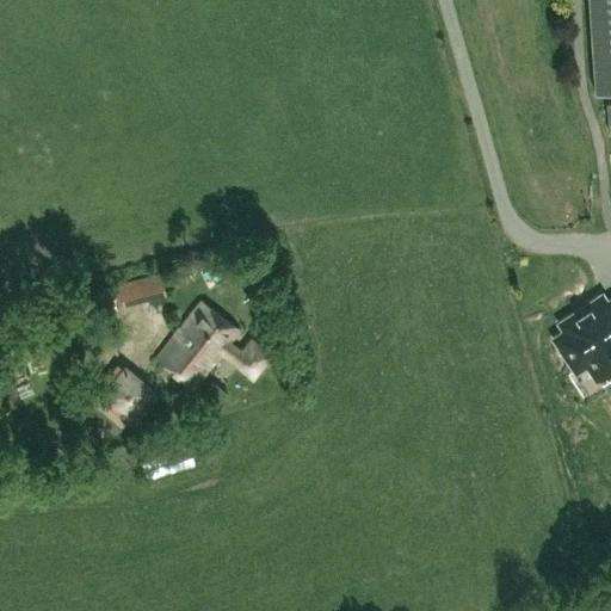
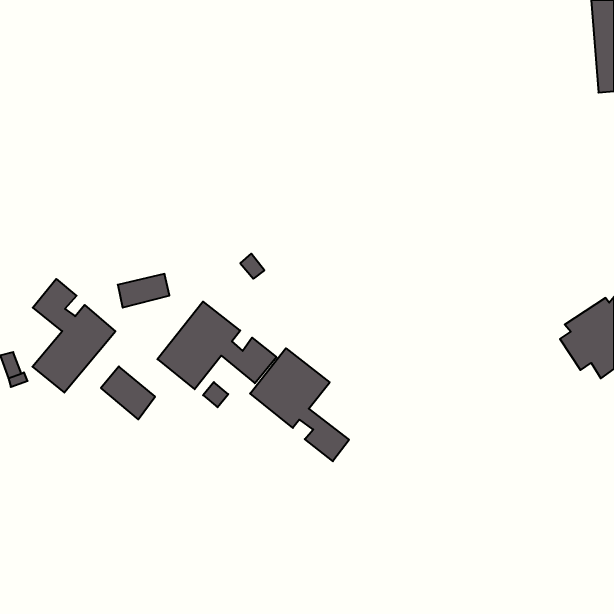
building: none -> [32,279,115,393]
building: none -> [250,348,349,461]

